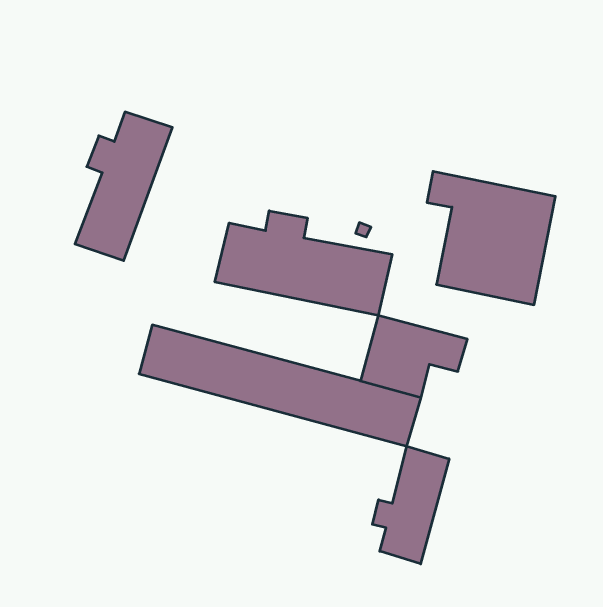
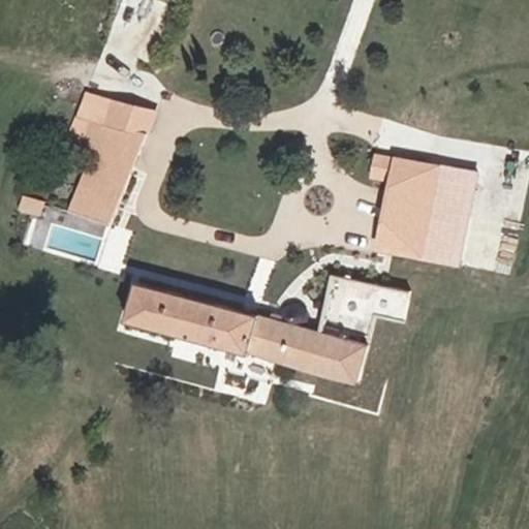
building: [215,211,392,315] -> none
building: [372,446,449,564] -> none

